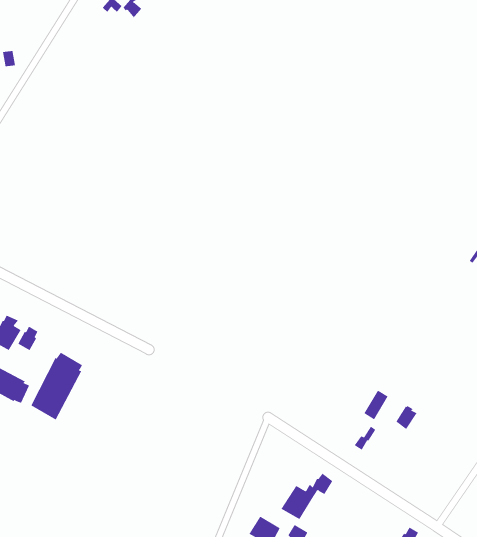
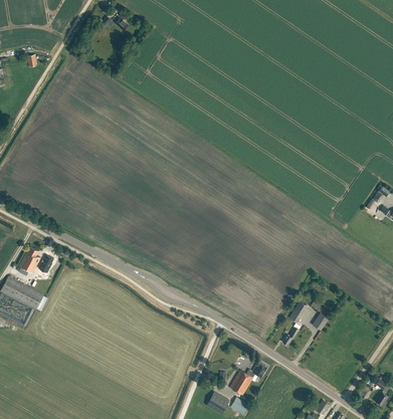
building: [30,352,83,420] -> none

